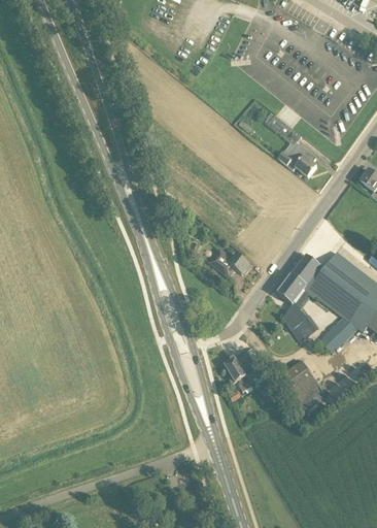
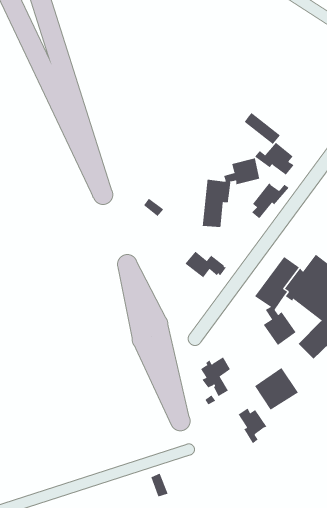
building: none -> [202,157,260,228]
building: none -> [251,182,289,219]
building: none -> [238,408,267,444]

